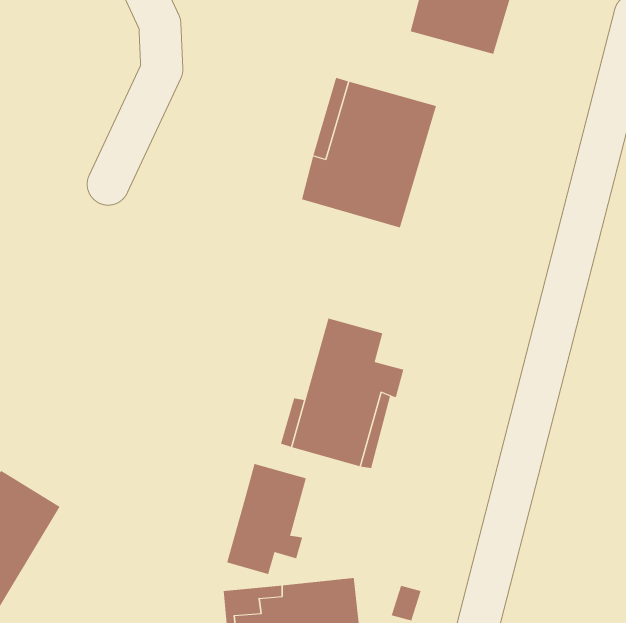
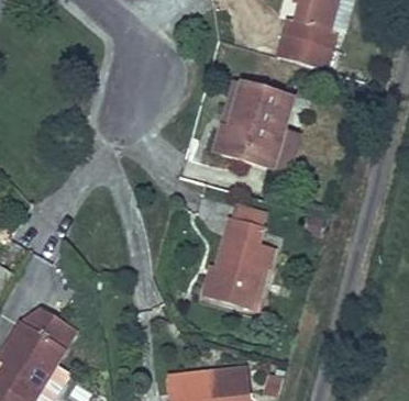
building: [226,463,307,575] -> none

